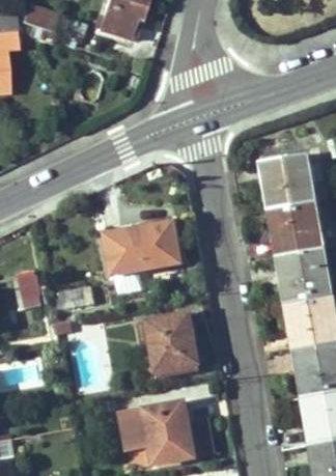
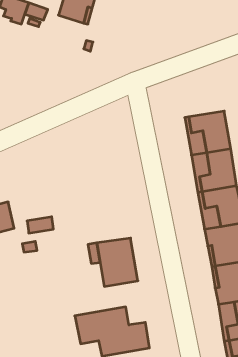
building: [105,223,184,274] -> none

